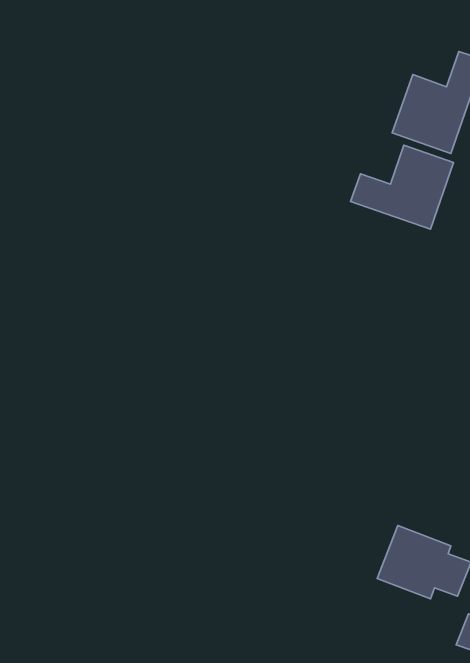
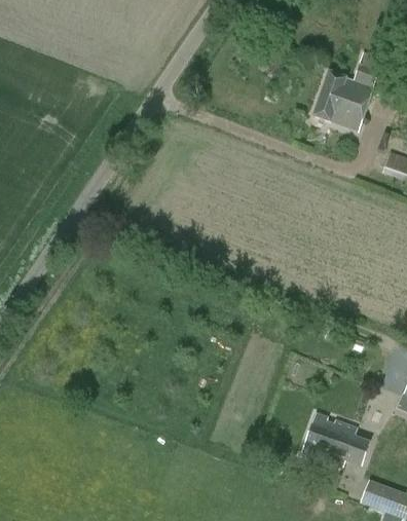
building: [350,145,454,229] -> none

